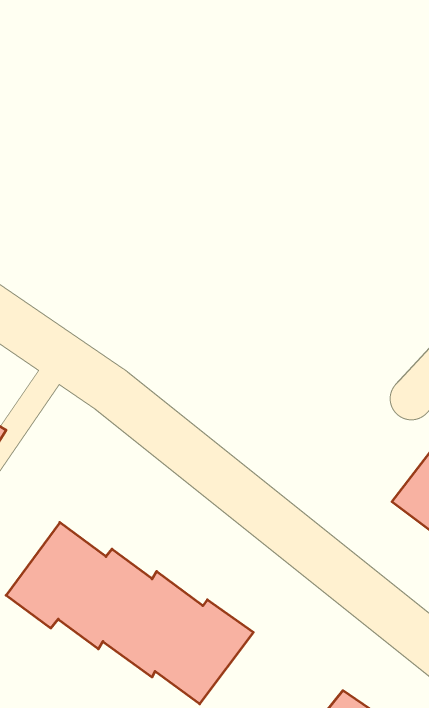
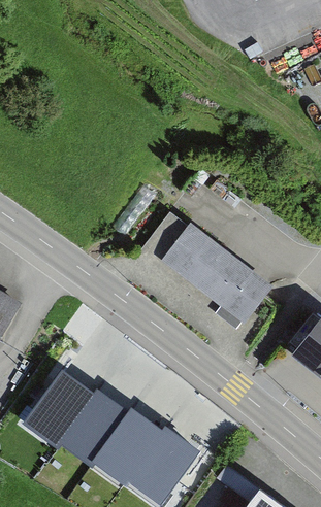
building: none -> [159,221,269,328]

